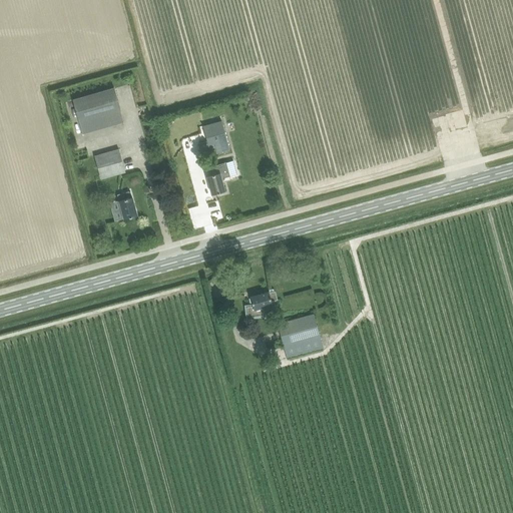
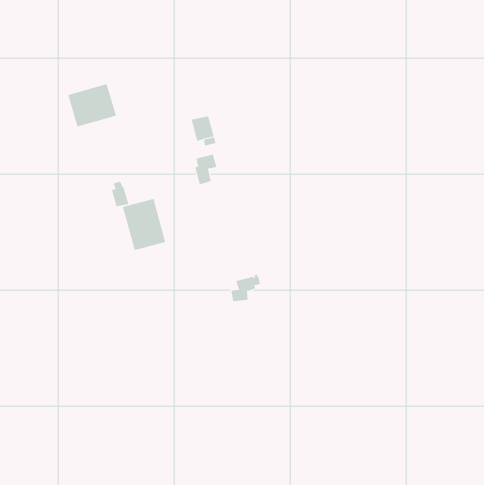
building: [93,149,124,179] -> none
building: none -> [122,198,166,251]
building: [277,315,322,359] -> none

